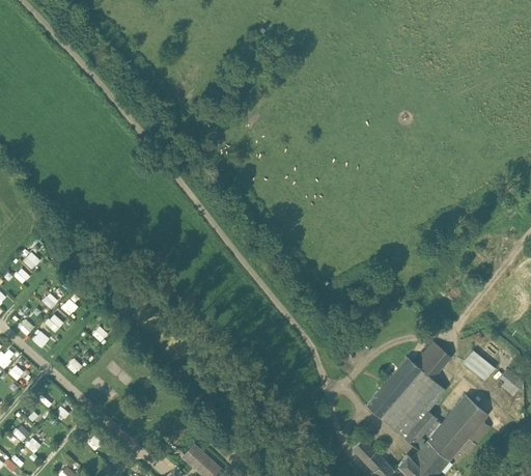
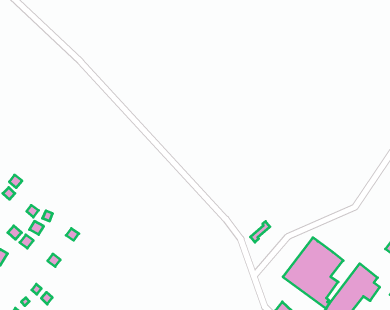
building: [415,342,451,379] -> none
building: [464,352,495,380] -> none

